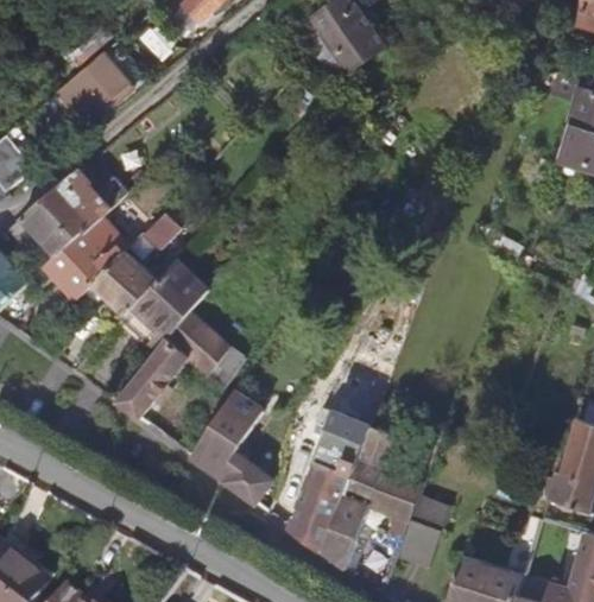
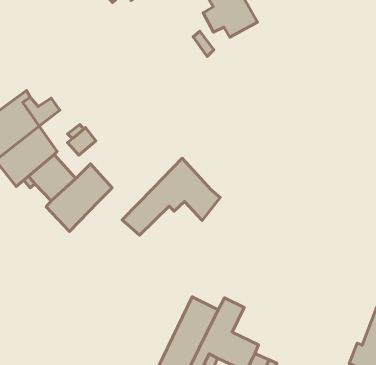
building: [55,53,132,110] -> none
building: [115,309,245,418] -> [122,158,220,235]
building: [191,392,272,501] -> none

